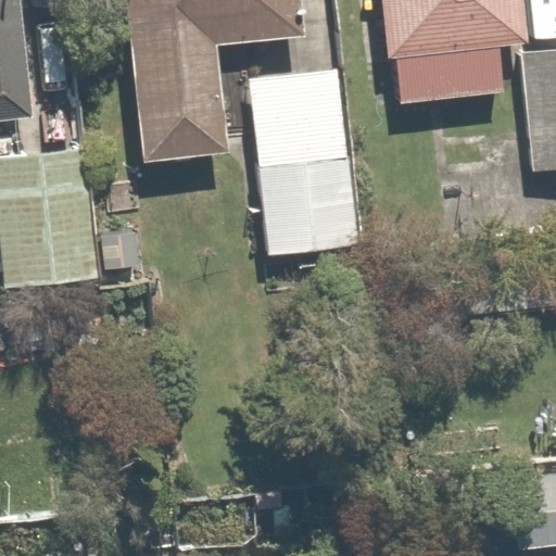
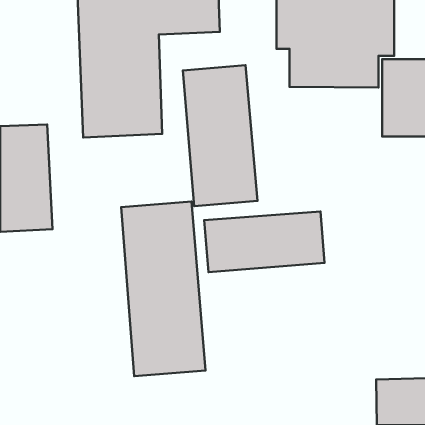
building: none -> [121,202,205,376]
building: none -> [204,211,325,272]

